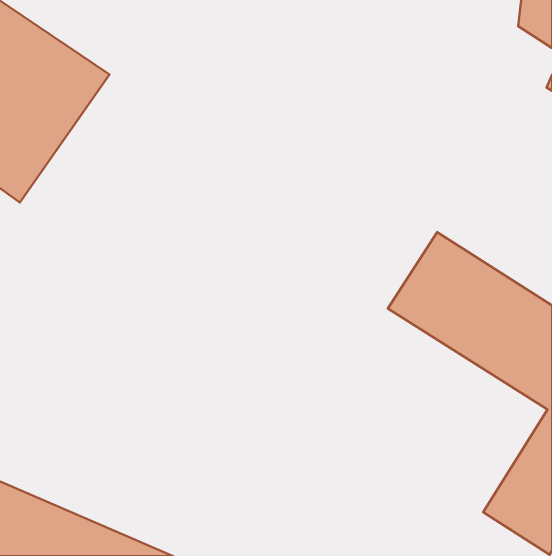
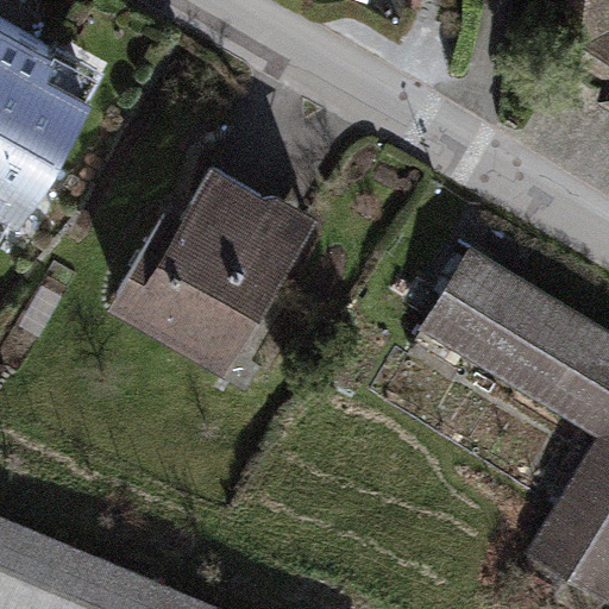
building: none -> [131,161,325,369]

